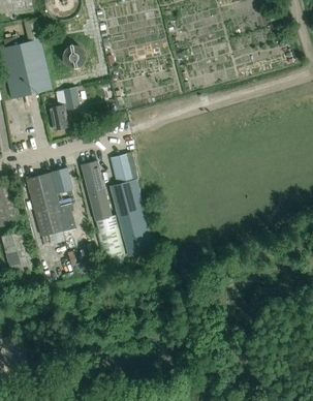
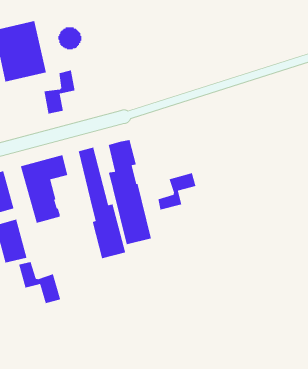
building: none -> [158,172,196,211]
building: none -> [18,261,61,304]

